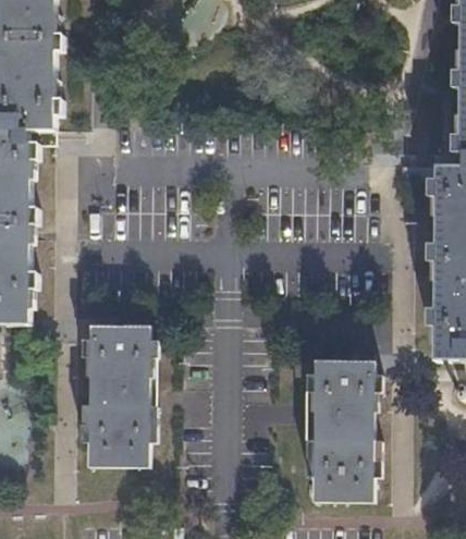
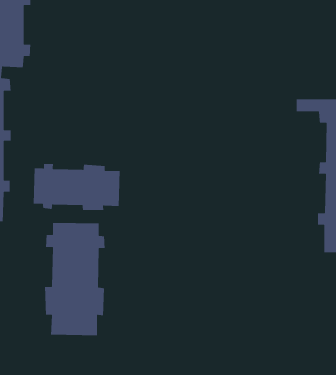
building: none -> [33,163,121,211]
building: [306,359,382,503] -> none

